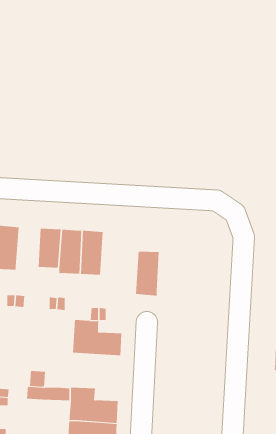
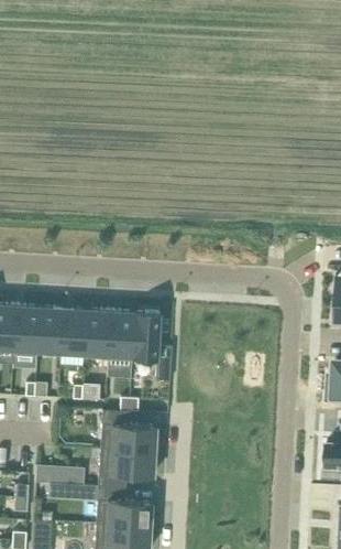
building: none -> [37,308,64,353]
building: [135,251,160,296] -> [132,313,160,364]
building: none -> [98,449,155,488]

